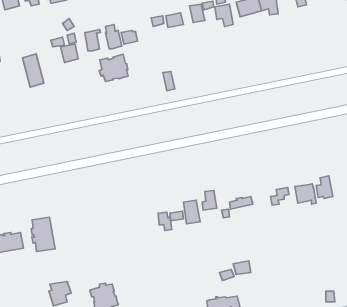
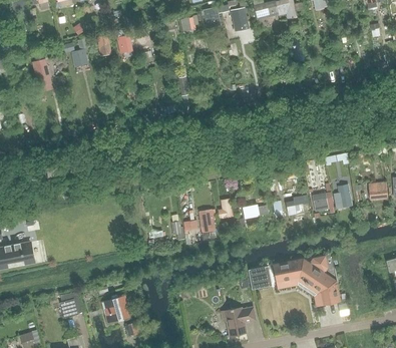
building: [99,54,128,81] -> none
building: [31,217,55,252] -> none
building: none -> [272,256,338,305]

